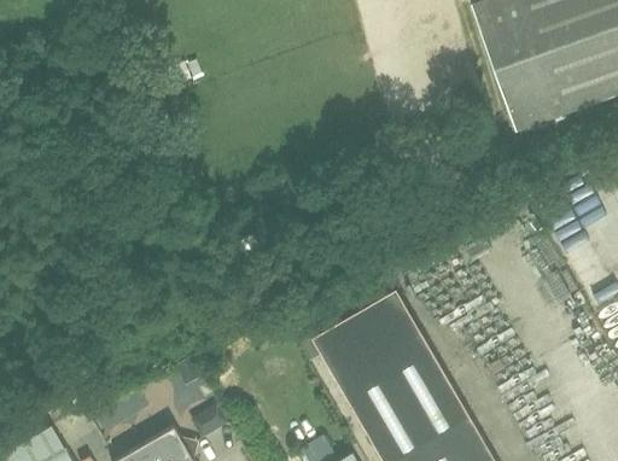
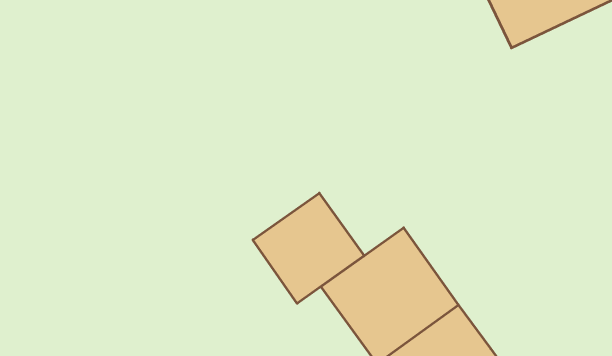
building: none -> [253,193,364,303]

